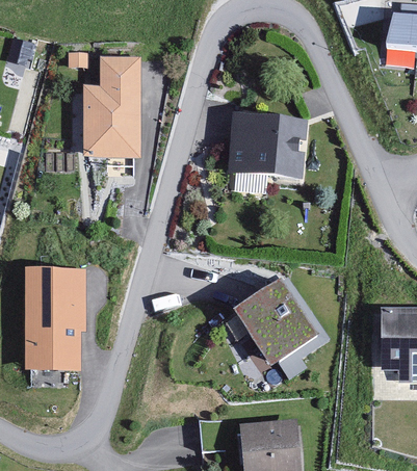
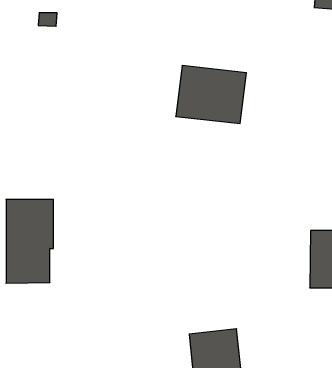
building: [83,56,138,157] -> none
building: [233,282,318,369] -> none

